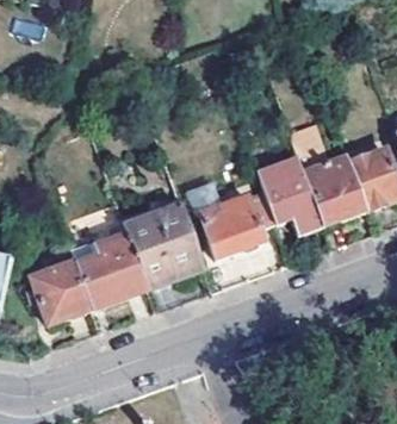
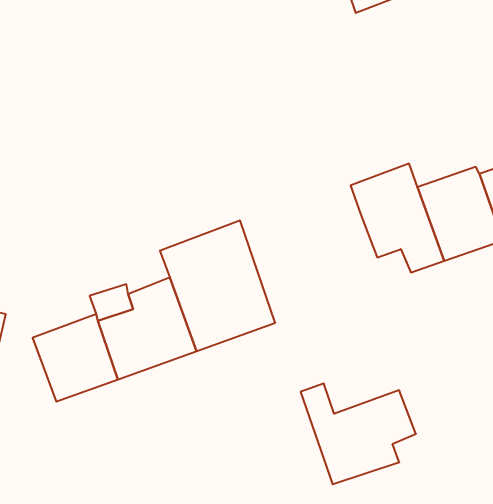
building: [192,187,274,258] -> [301,384,416,484]

